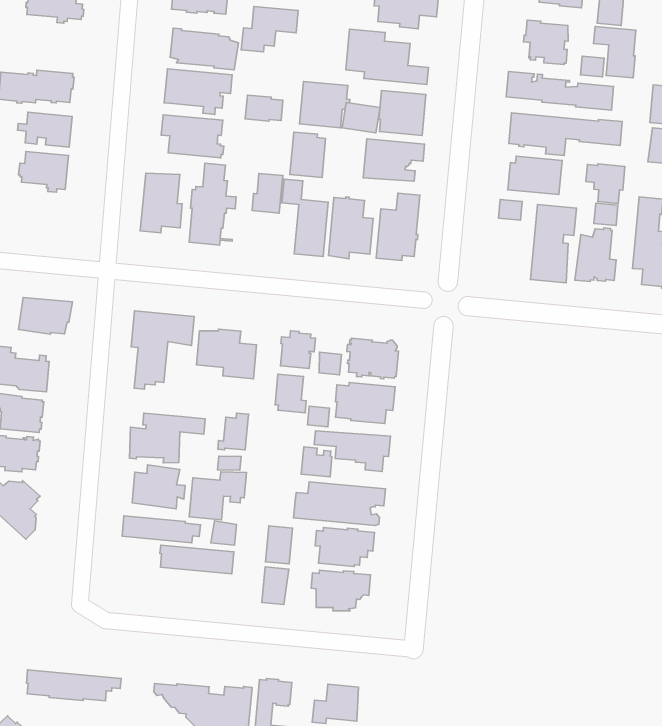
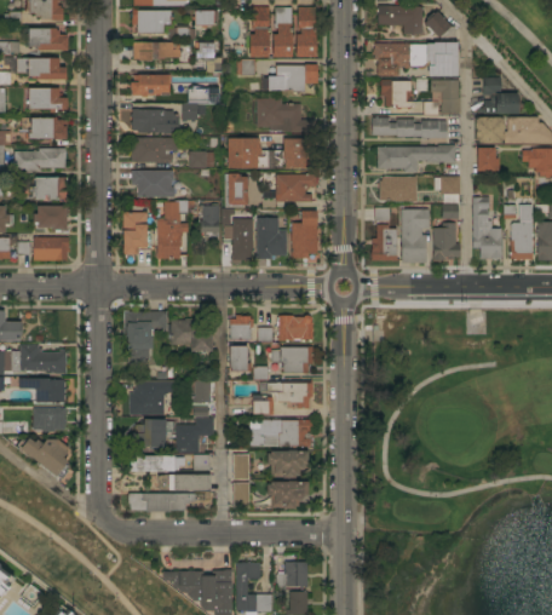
building: none -> [22,117,68,140]
building: none -> [372,225,397,261]
building: [18,297,72,334] -> [33,237,69,261]
building: [26,670,121,701] -> [128,494,195,512]

